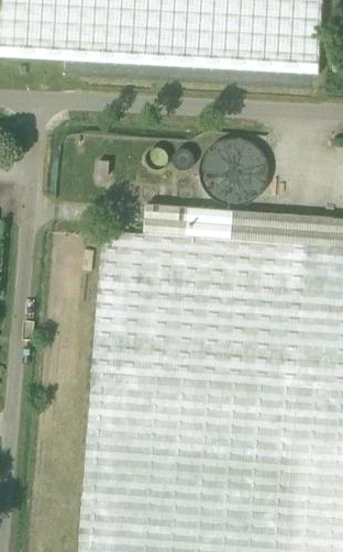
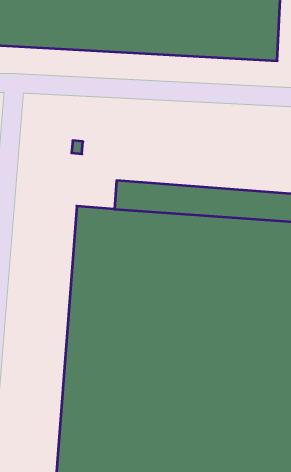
building: [206,143,259,211] -> none

